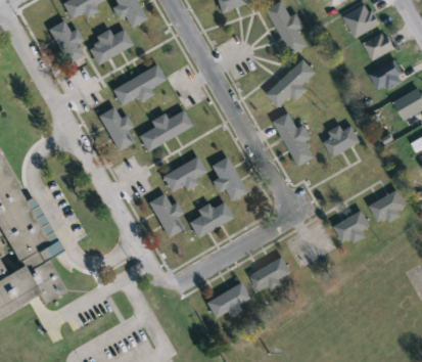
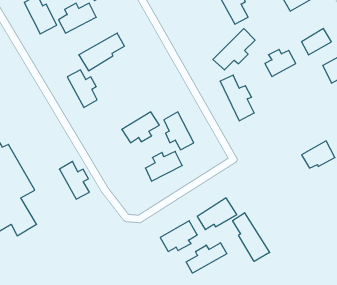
building: [368,34,396,60] -> none
building: [138,109,191,149] -> none
building: [326,125,362,156] -> [265,49,296,77]
building: [148,192,183,236] -> [59,161,89,199]
building: [335,210,373,242] -> none
building: none -> [233,213,270,261]
building: none -> [186,243,227,273]

